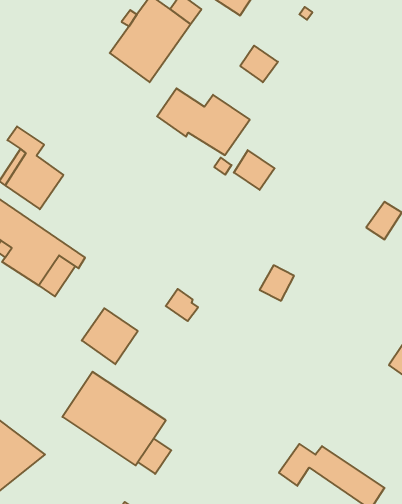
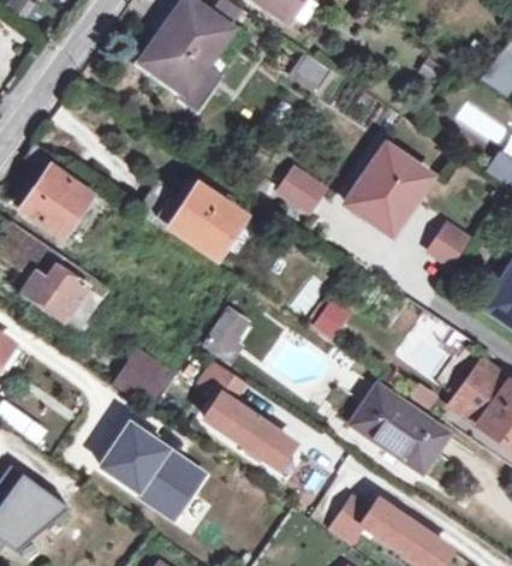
building: [157,88,250,155] -> [138,179,242,254]
building: none -> [347,145,431,234]
building: none -> [201,359,292,464]
building: none -> [352,387,446,471]

